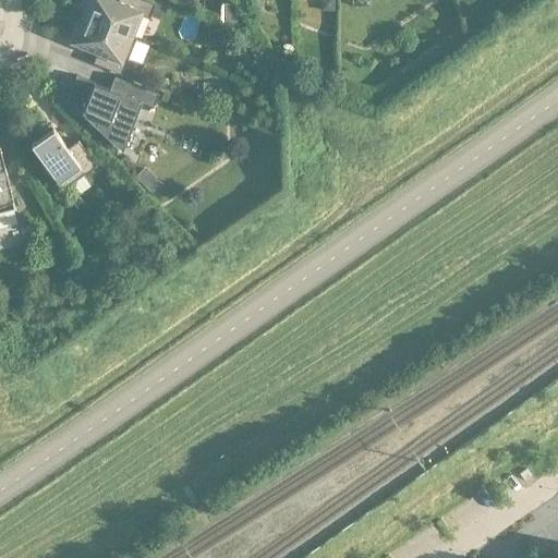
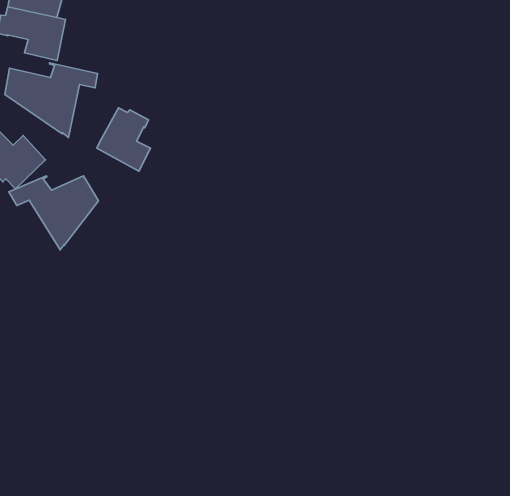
building: none -> [97,108,151,171]
building: none -> [9,176,99,250]

